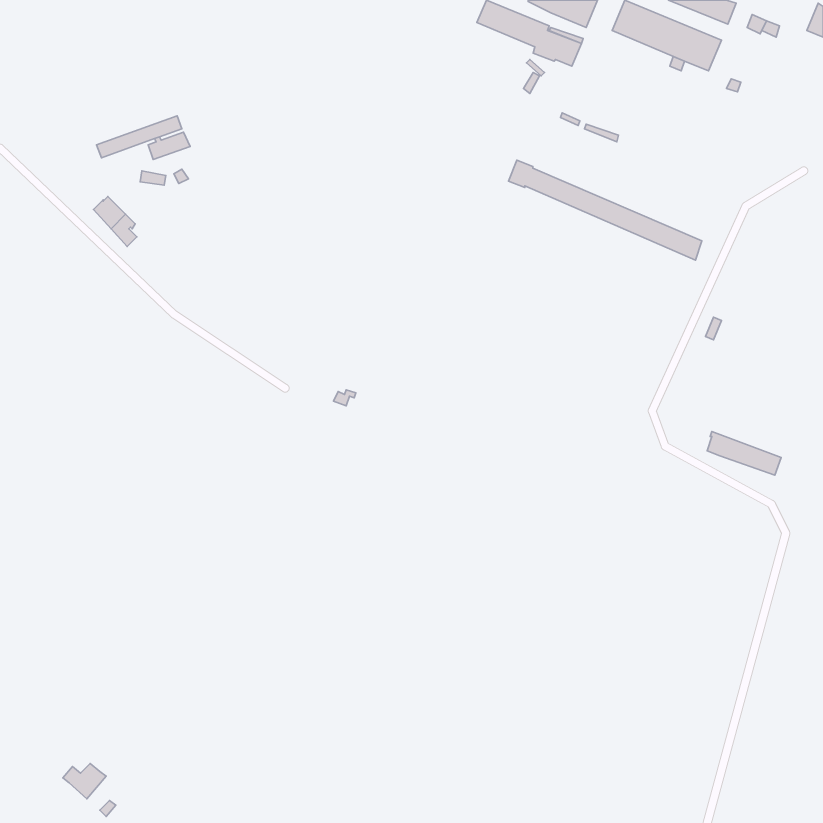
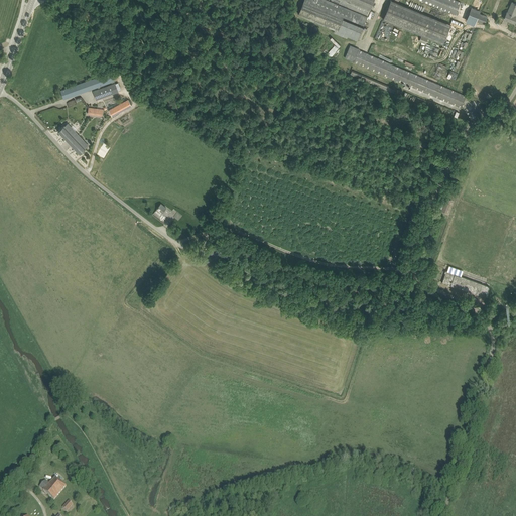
building: [509,160,702,260] -> [345,45,466,108]

